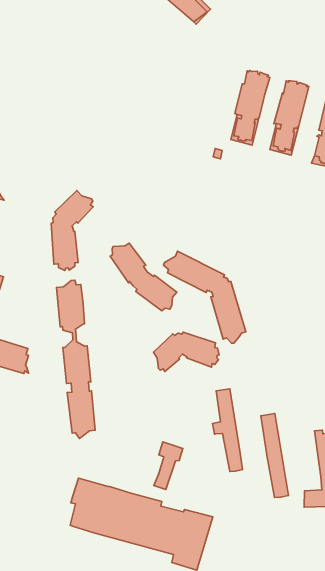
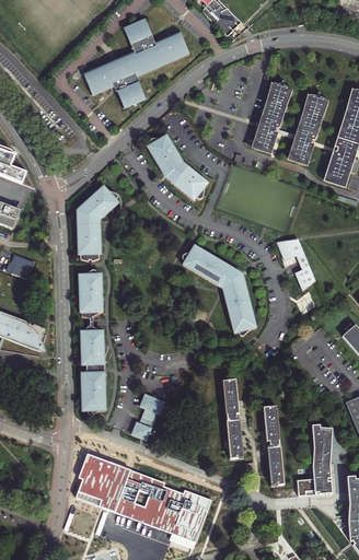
building: none -> [83,20,188,107]
building: none -> [277,237,316,289]
building: [110,243,177,311] -> [146,136,206,201]
building: [153,332,219,372] -> none
building: [154,442,183,489] -> [135,394,164,439]

